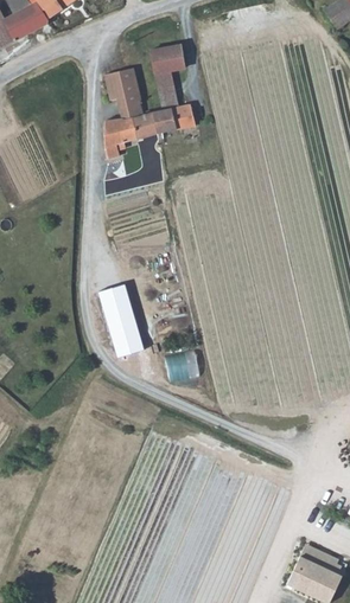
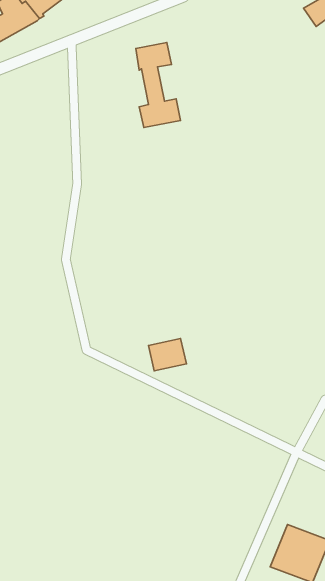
building: [107,68,160,147] -> none
building: [94,287,136,359] -> none

